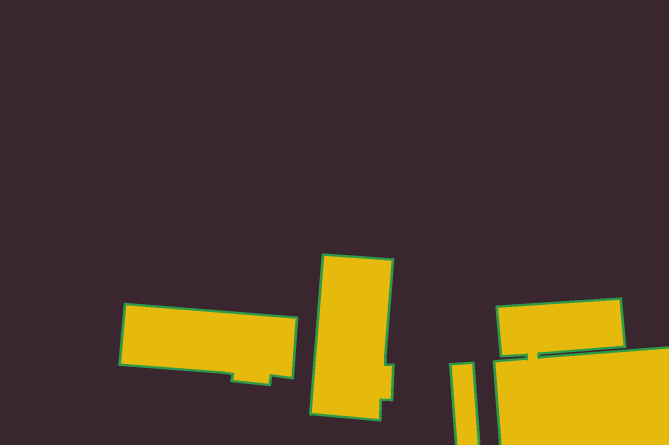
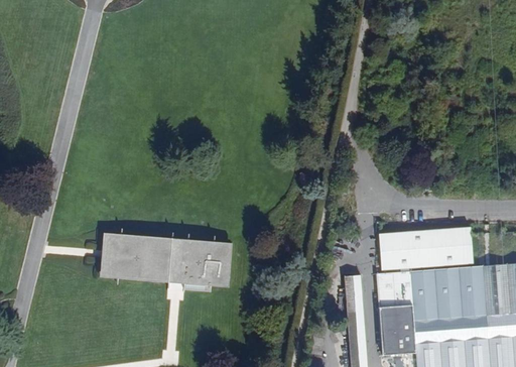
building: [311,255,393,420] -> none

